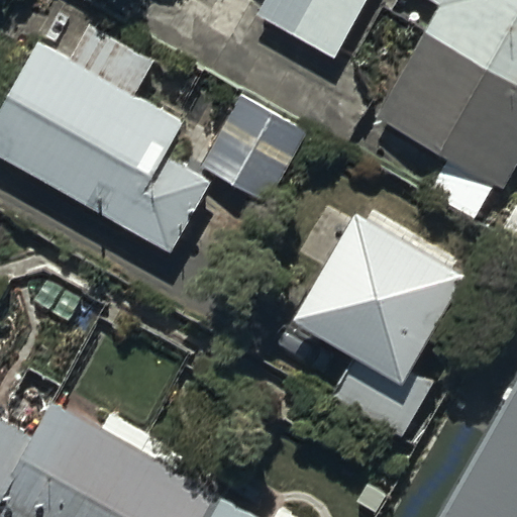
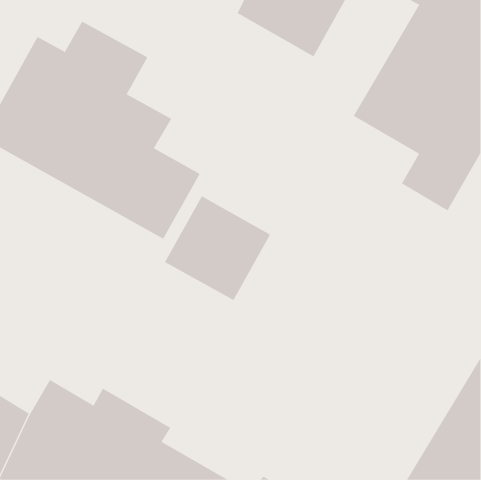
building: [196,92,309,204] -> [164,195,271,301]
building: [295,217,468,430] -> none

